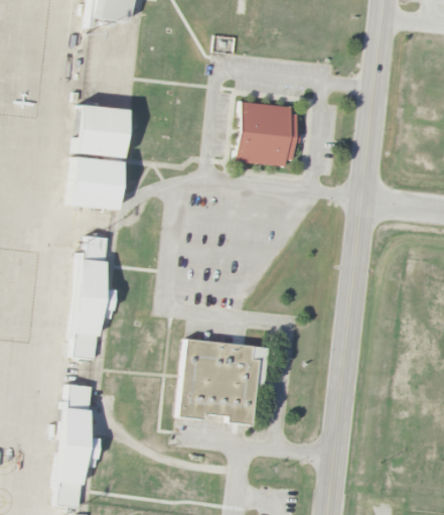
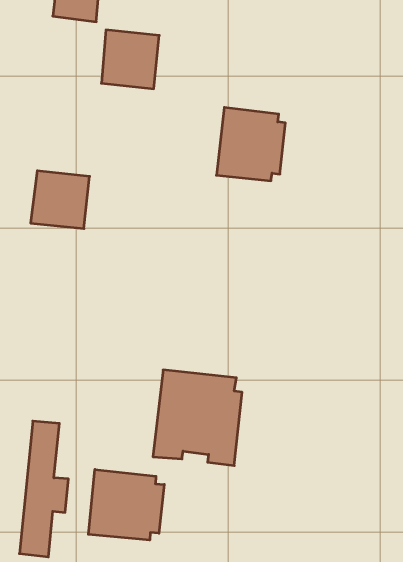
building: [73,105,126,158] -> [101,30,159,89]
building: [71,236,114,360] -> none
building: none -> [88,469,164,540]

